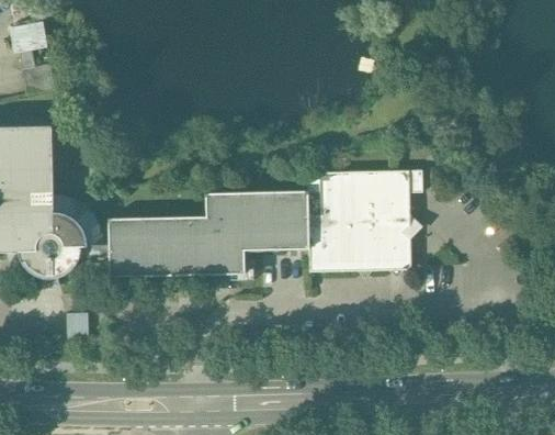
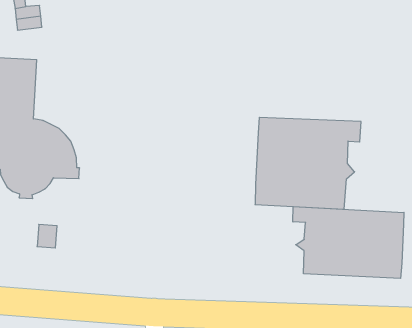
building: [107,191,308,281] -> none
building: none -> [293,207,404,278]

